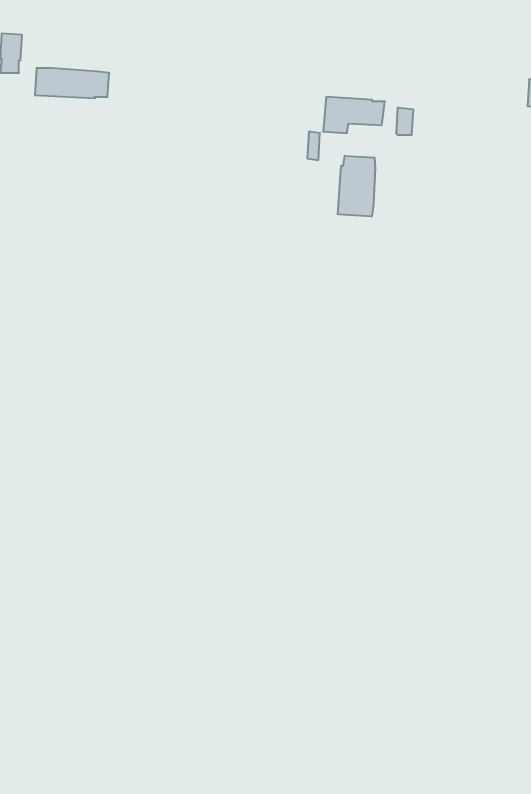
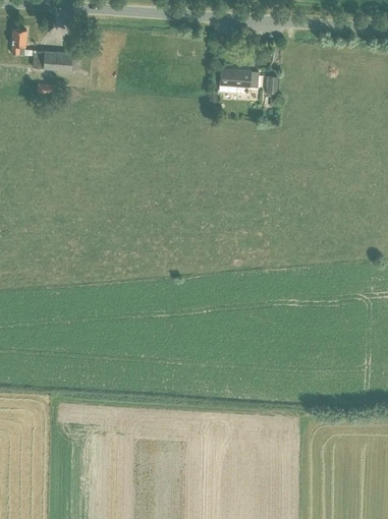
building: [338,156,375,217] -> none

